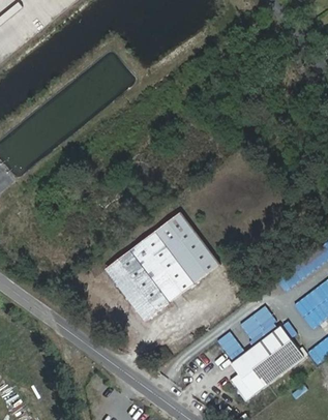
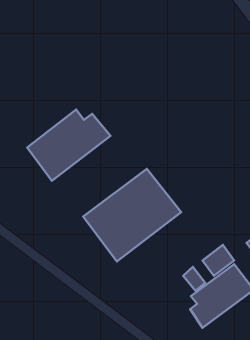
building: none -> [27,109,111,181]

